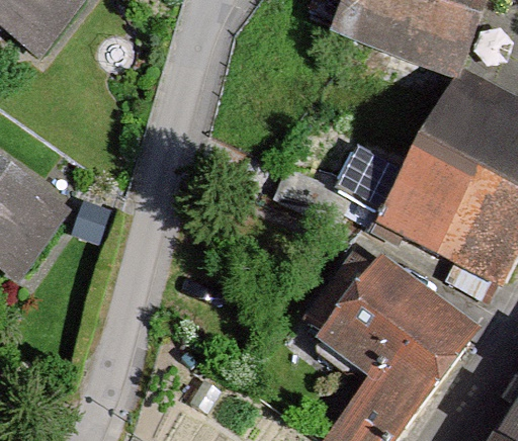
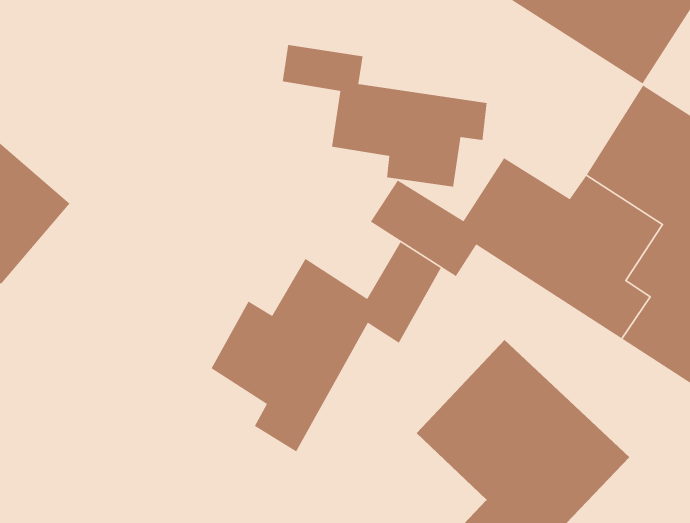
building: none -> [282,44,488,188]
building: none -> [210,241,442,452]

